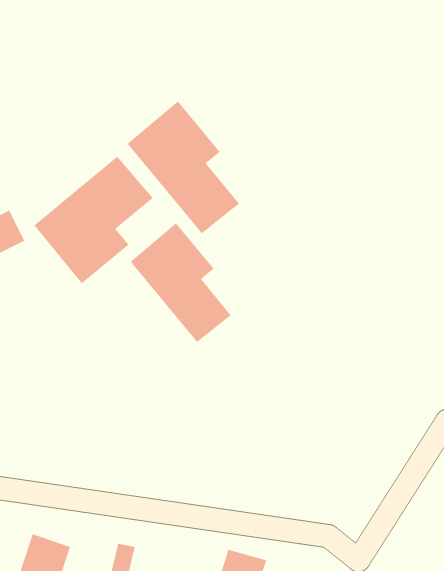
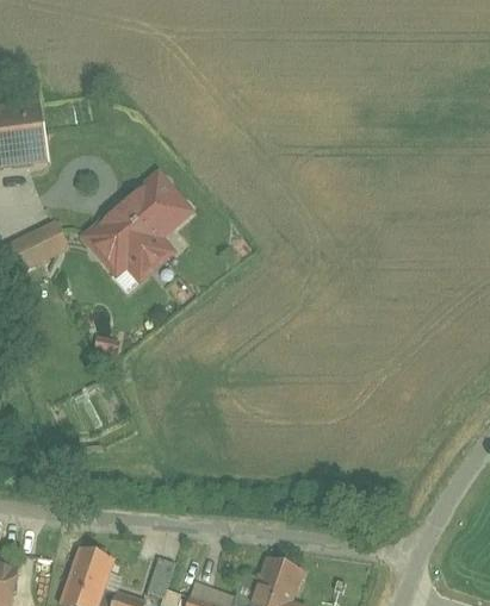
building: [127,100,240,234] -> none
building: [130,222,232,343] -> none

